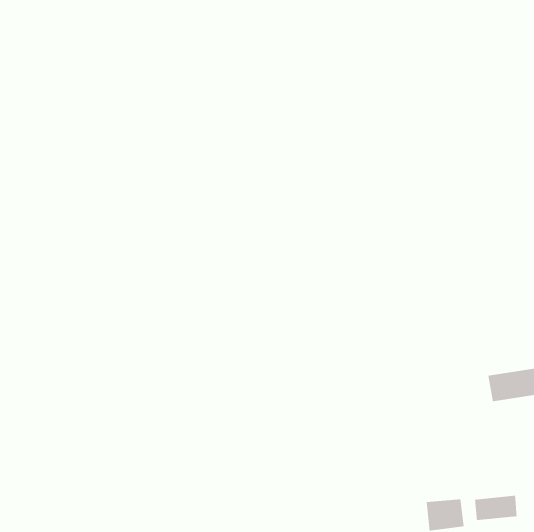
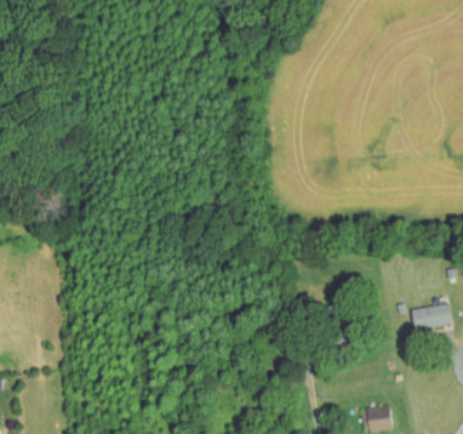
building: [474,495,517,521] -> none

